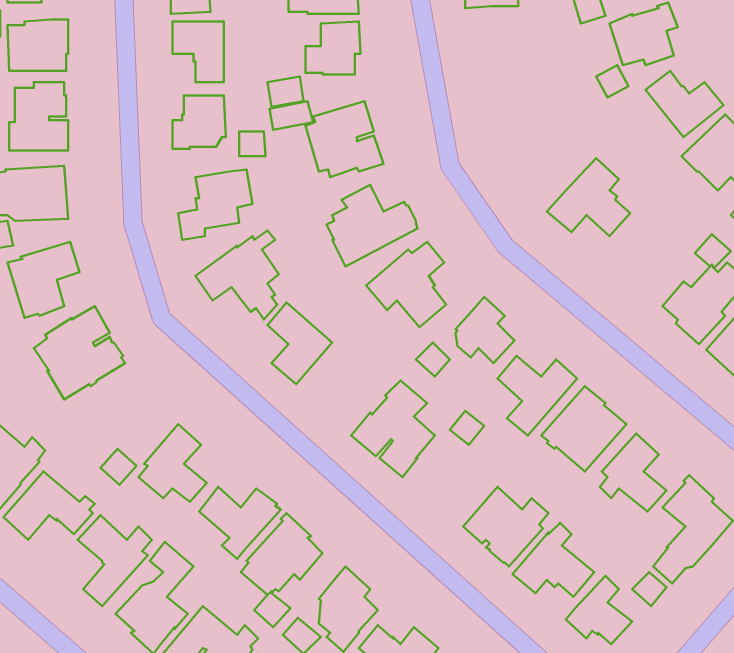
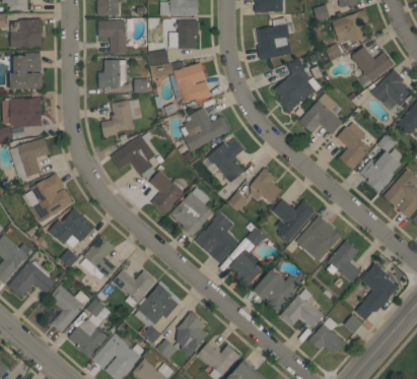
building: none -> [257,17,291,60]
building: none -> [274,60,315,113]
building: none -> [336,122,370,169]
building: none -> [170,187,213,237]
building: none -> [49,208,92,244]
building: none -> [229,252,262,286]

